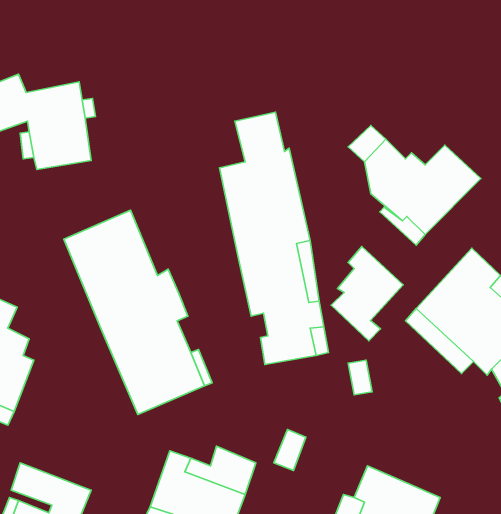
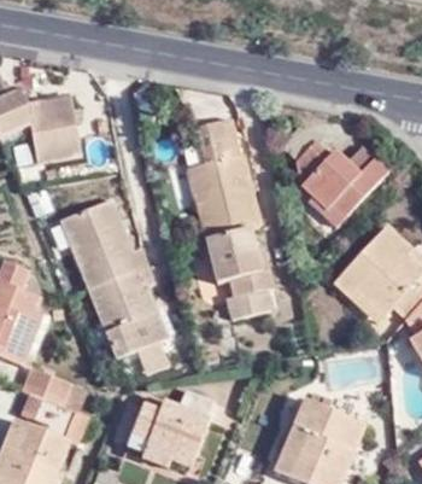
building: [331,247,403,341] -> none
building: none -> [18,371,87,416]

